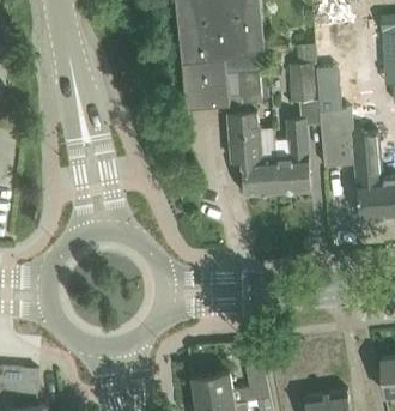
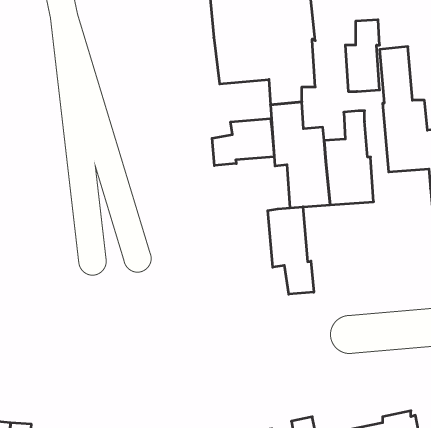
building: none -> [212,119,274,166]
building: none -> [268,207,314,294]

